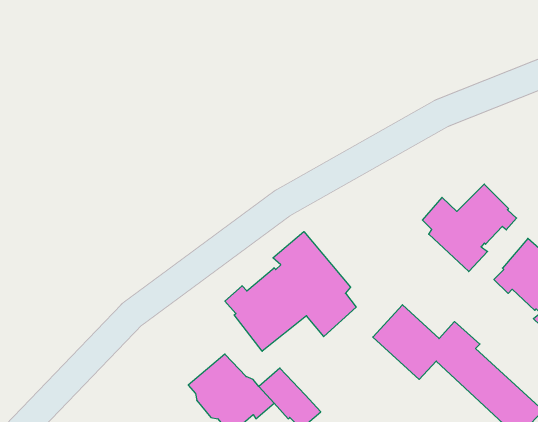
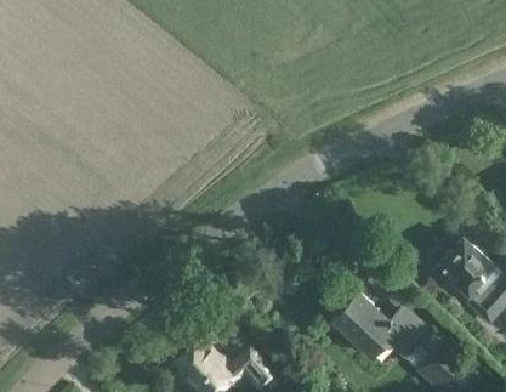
building: [422,184,517,272] -> none
building: [225,232,356,351] -> none

